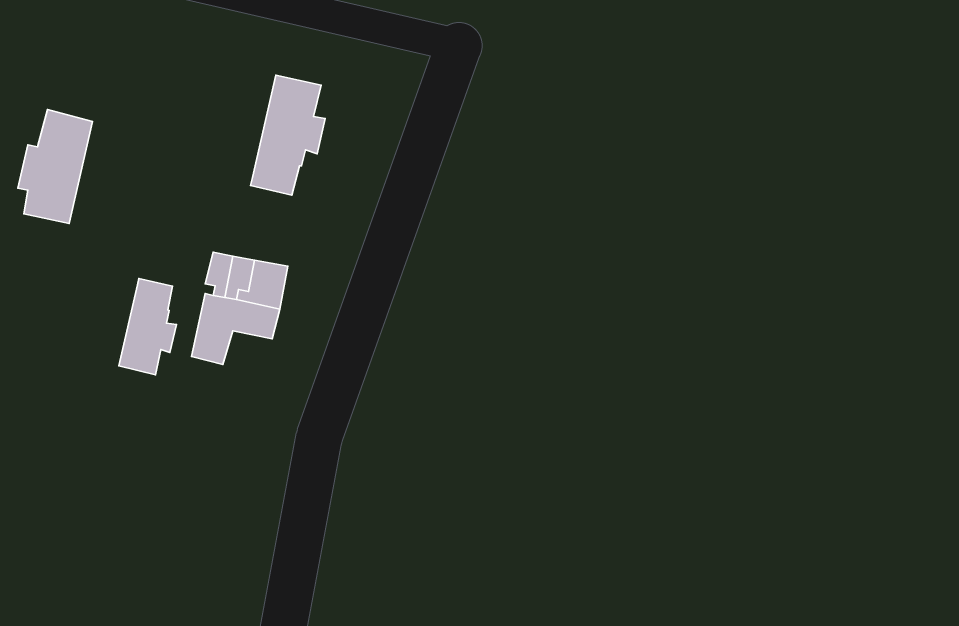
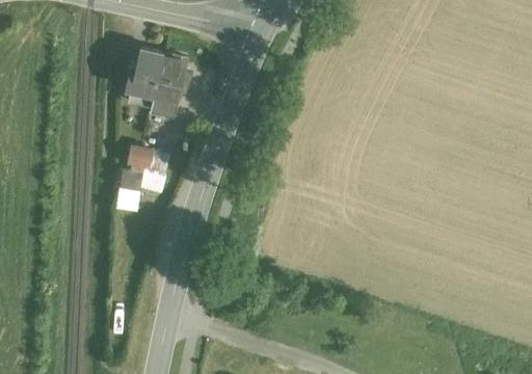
building: [18,110,93,224] -> [125,46,164,106]
building: [119,279,177,375] -> none

